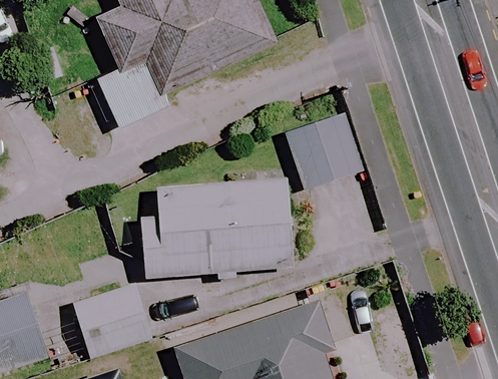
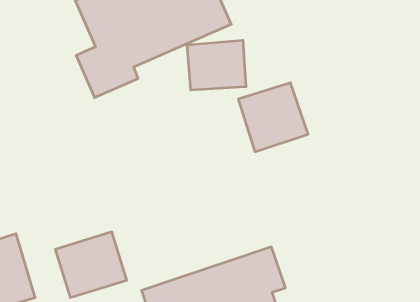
building: none -> [187,40,246,90]
building: [139,176,298,277] -> none

